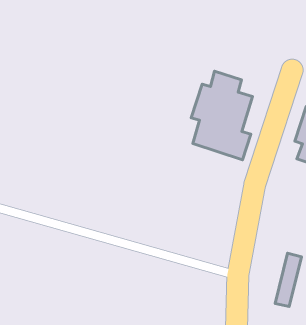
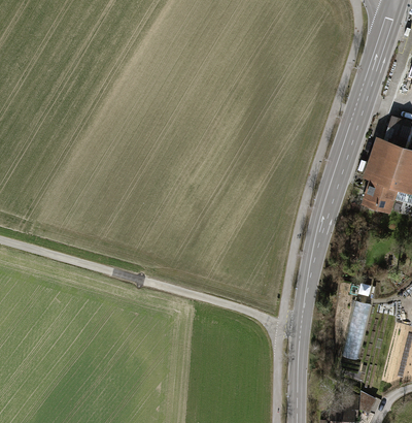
building: [191,71,252,160] -> none

